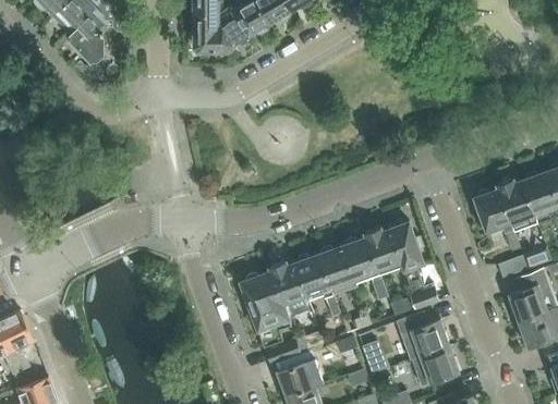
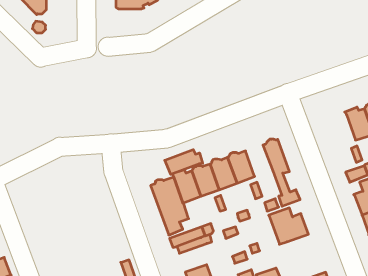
building: [474,189,511,232] -> none
building: [364,228,402,271] -> none
building: none -> [165,150,203,174]
building: [411,347,459,388] -> none
building: [278,359,325,397] -> none

